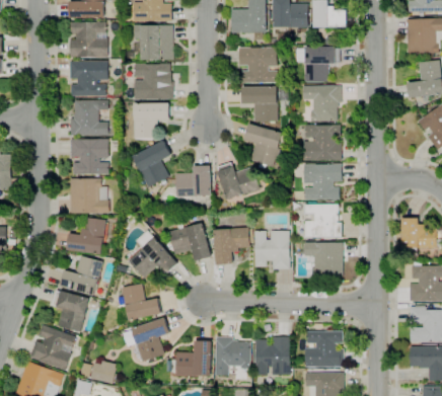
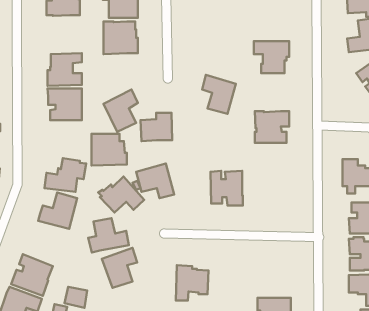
building: [238,48,277,83] -> none
building: [296,48,339,82] -> none
building: [70,61,107,96] -> none
building: [241,87,277,124] -> none
building: [134,103,169,138] -> none
building: [303,125,342,161] -> none
building: [216,163,260,201] -> none
building: [71,178,110,214] -> [91,134,127,165]
building: [304,205,342,238] -> none
building: [215,228,251,265] -> none
building: [303,243,343,279] -> none
building: [54,291,90,332] -> none
building: [305,331,345,367] -> none
building: [253,336,292,375] -> none
building: [176,340,212,376] -> none

